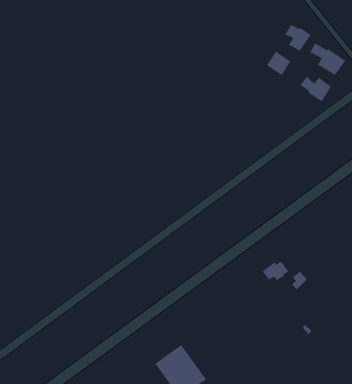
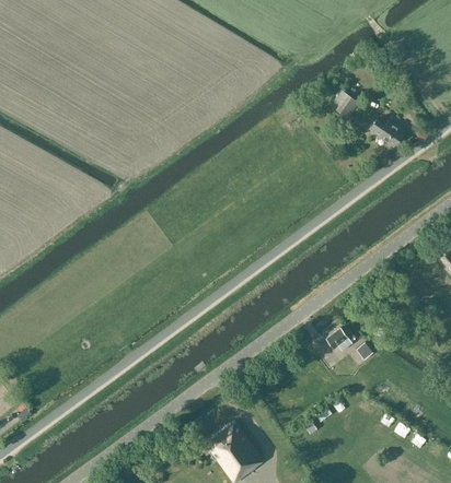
building: [285,24,311,51] -> none
building: [310,42,346,76] -> none

